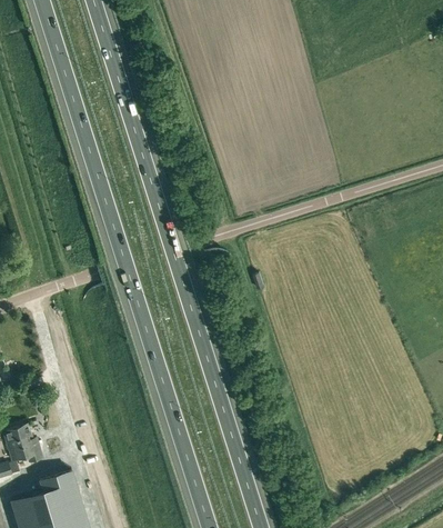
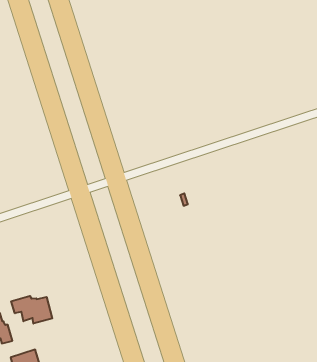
building: none -> [11,296,52,324]

